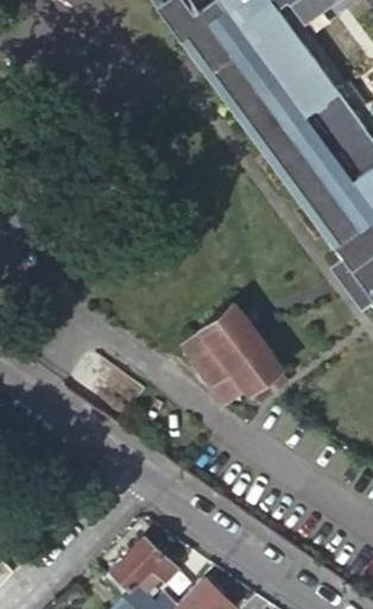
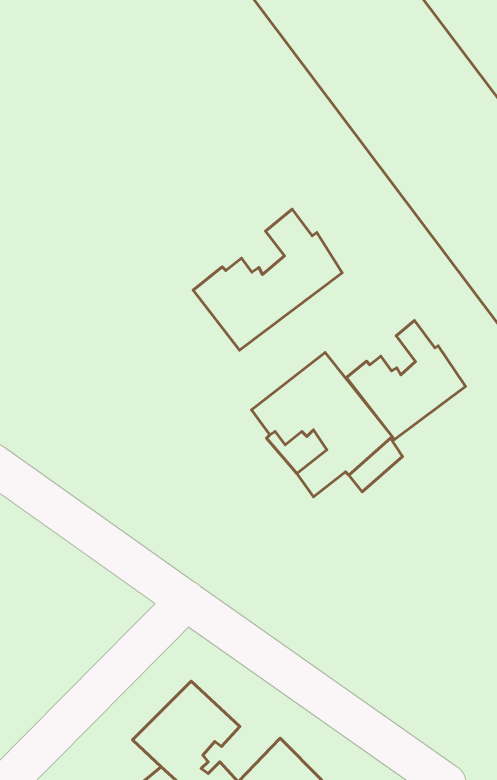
building: none -> [193,209,342,350]
building: none -> [347,321,466,439]

